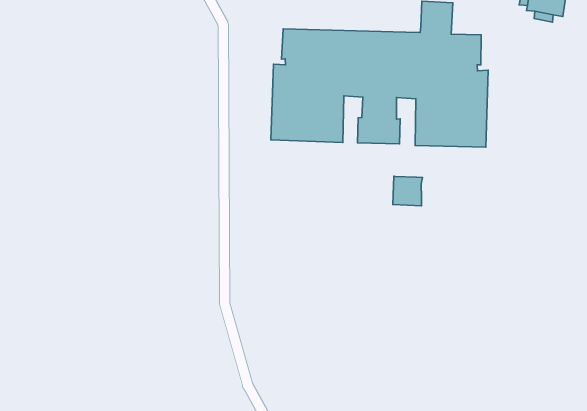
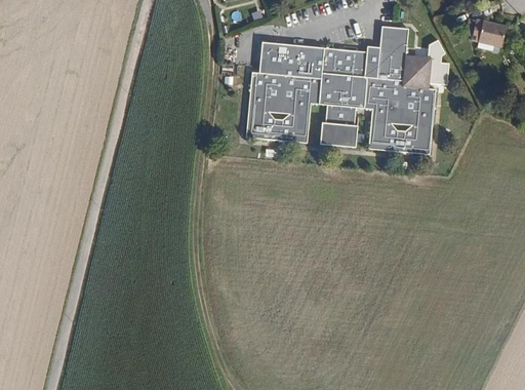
building: [393,176,422,206] -> none

